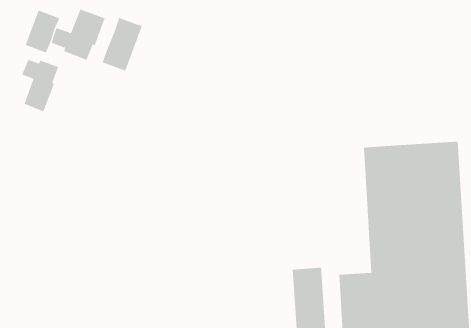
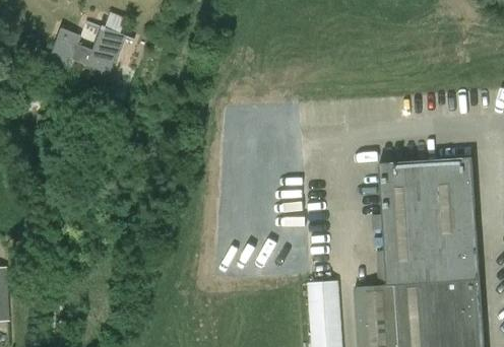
building: [102,17,142,72] -> none
building: [22,59,59,112] -> none

